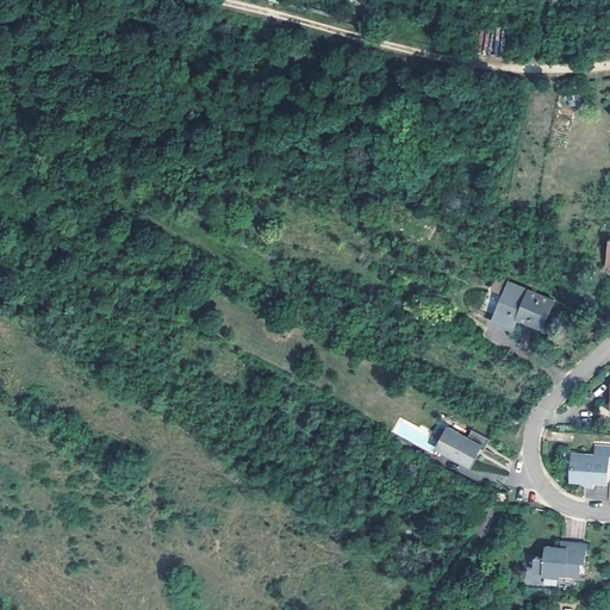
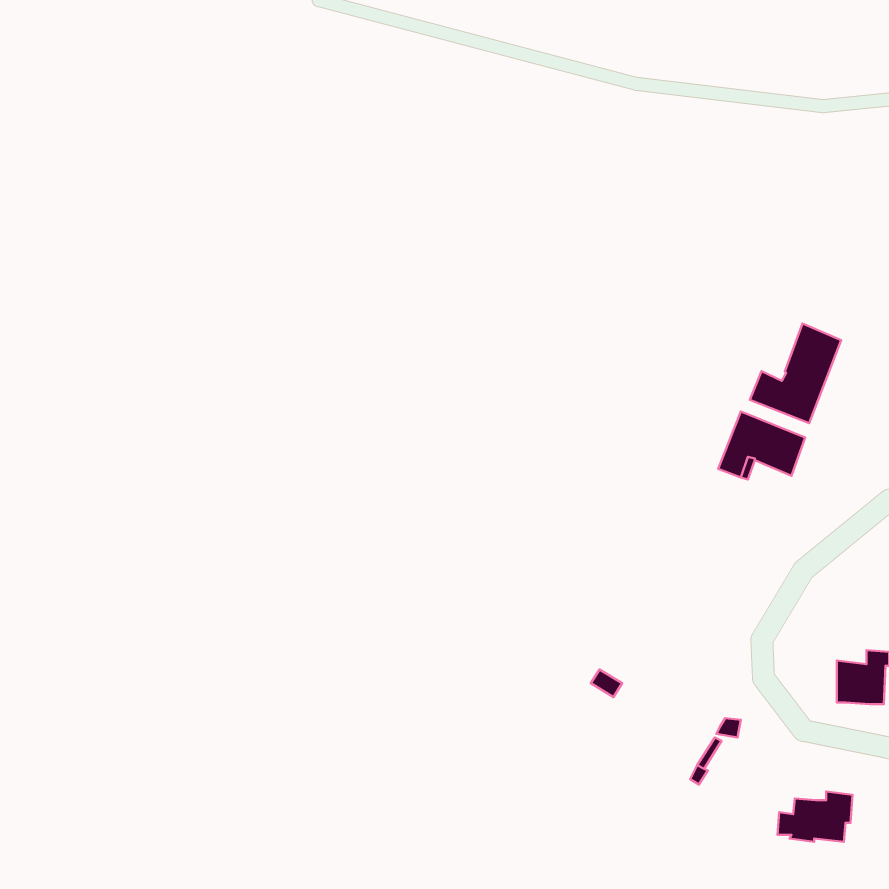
building: none -> [750,323,841,423]
building: [437,427,488,468] -> none

